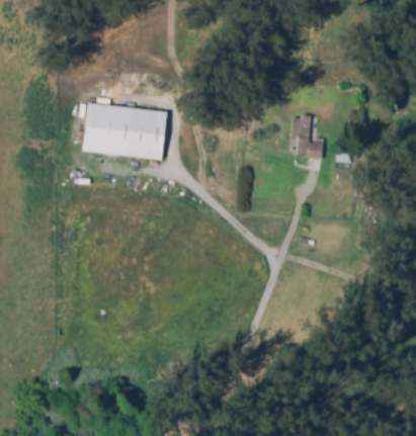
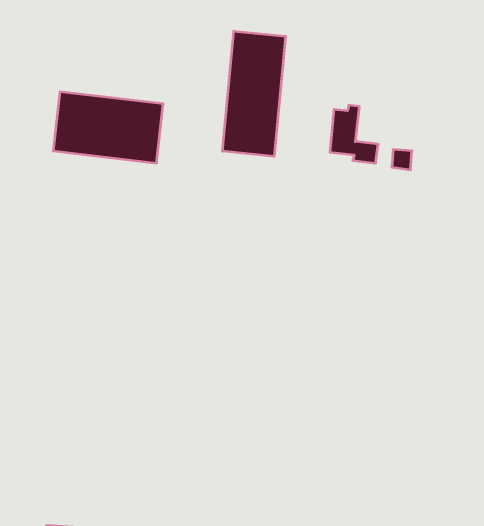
building: none -> [222,31,285,156]

